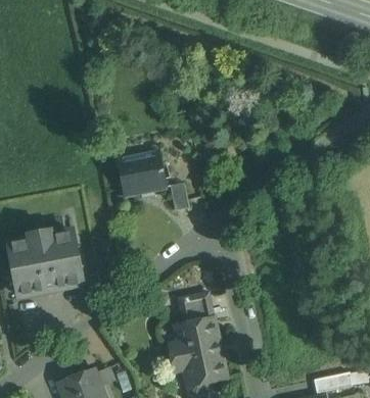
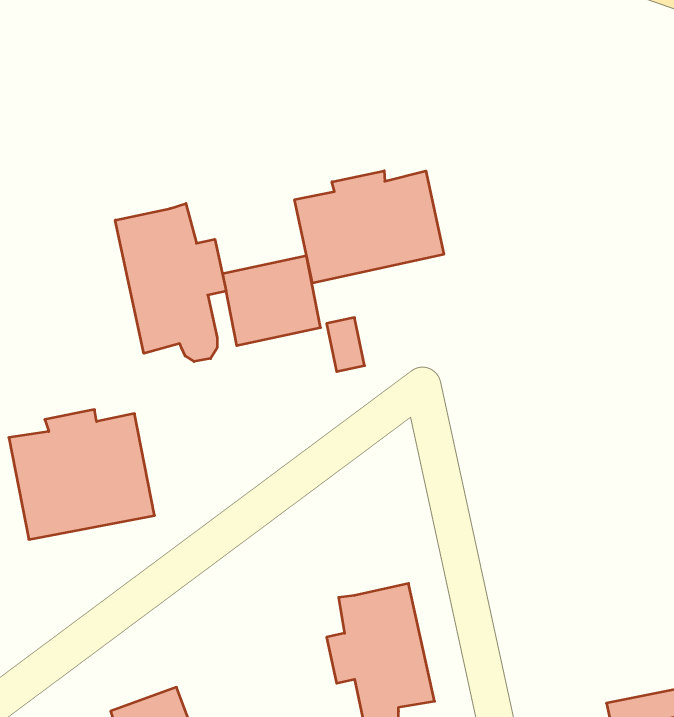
building: none -> [295,171,444,283]
building: none -> [115,203,226,362]
building: [179,294,212,325] -> none

